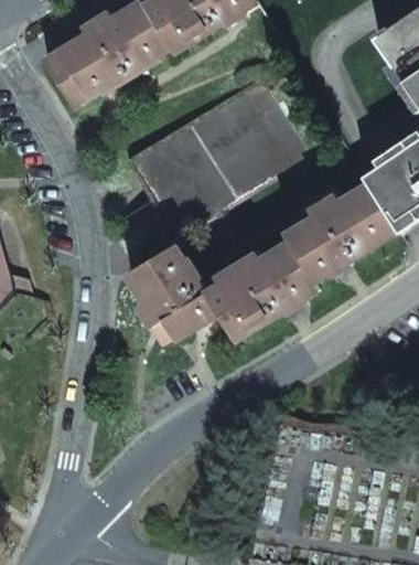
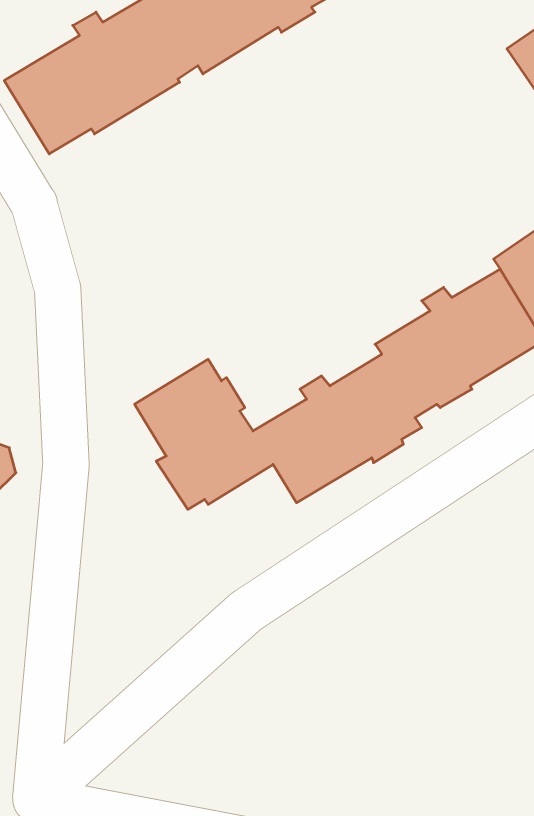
building: [123,77,308,238] -> none

